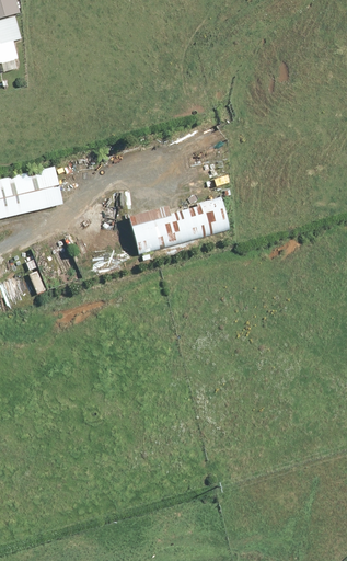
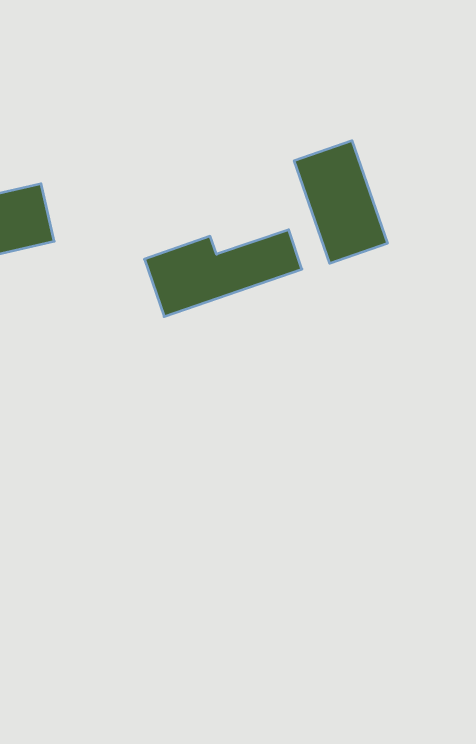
building: none -> [294,141,387,263]

